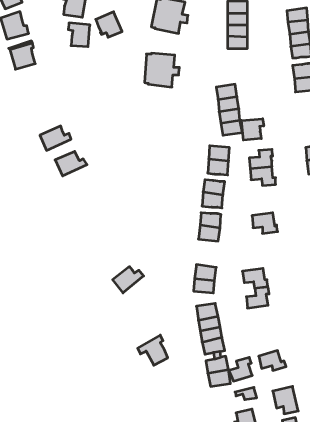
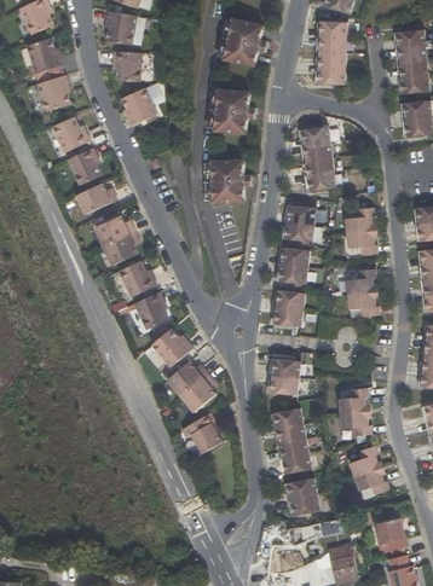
building: [96,12,122,37] -> [122,87,156,120]
building: none -> [52,114,90,150]
building: none -> [67,145,100,184]
building: none -> [206,158,250,201]
building: [241,119,264,140] -> none
building: none -> [104,231,138,263]
building: none -> [119,259,155,295]
building: none -> [345,269,375,296]
building: none -> [133,290,166,327]
building: none -> [150,326,191,365]
building: [242,268,268,288] -> [341,411,374,436]
building: none -> [181,373,215,411]
building: [138,335,168,365] -> [181,412,220,451]
building: [229,357,252,381] -> [350,446,380,476]

